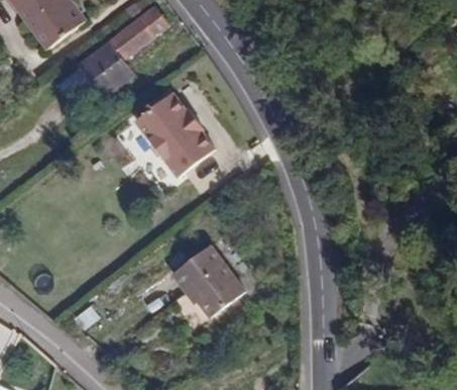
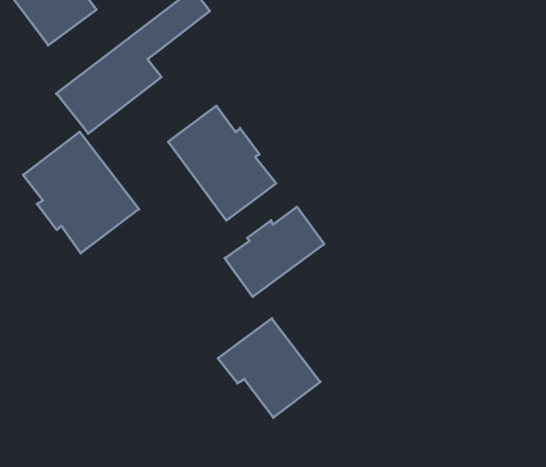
building: none -> [23,132,139,253]
building: none -> [225,207,324,297]

